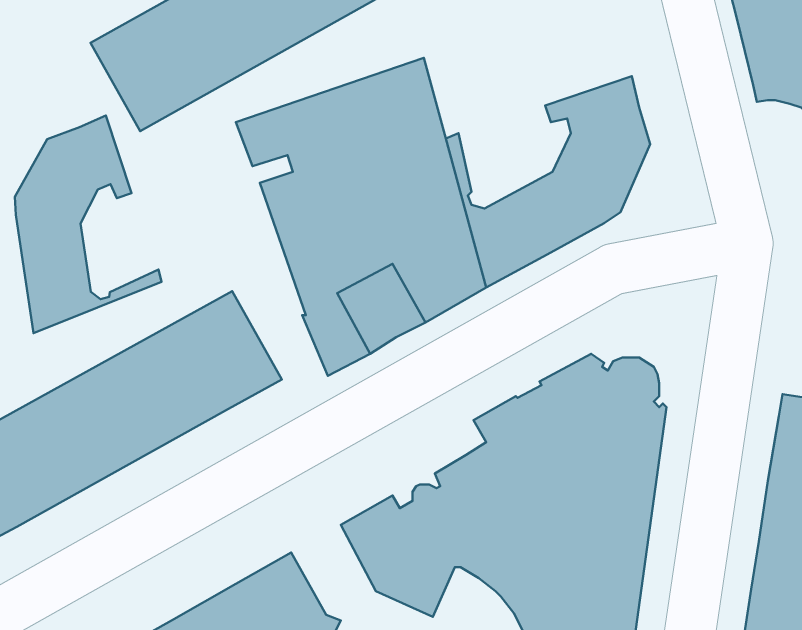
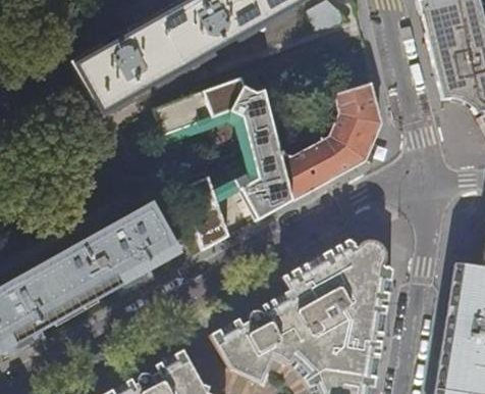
building: [15,116,162,333] -> none

